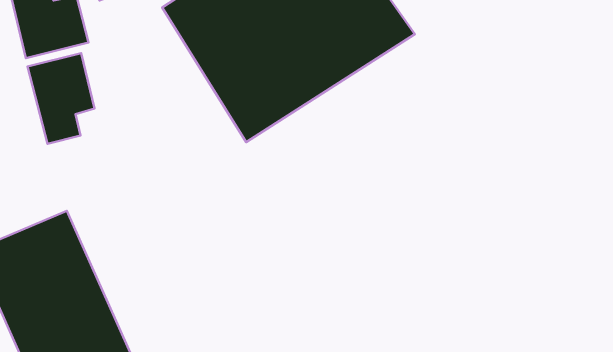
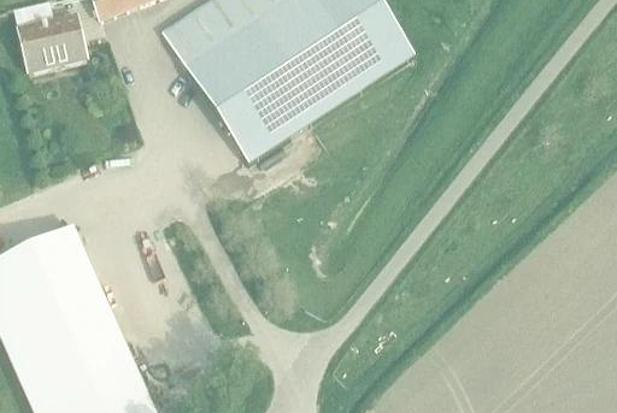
building: [27,53,95,144] -> none

